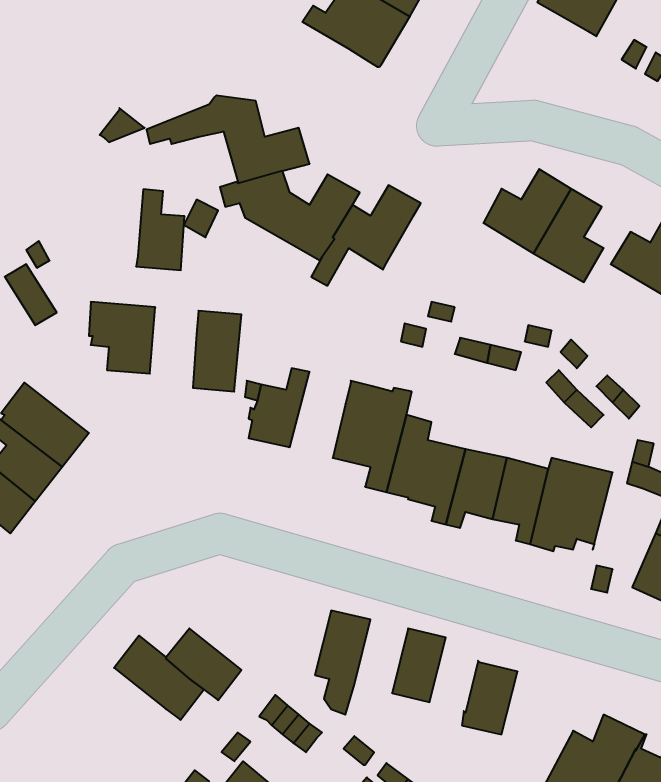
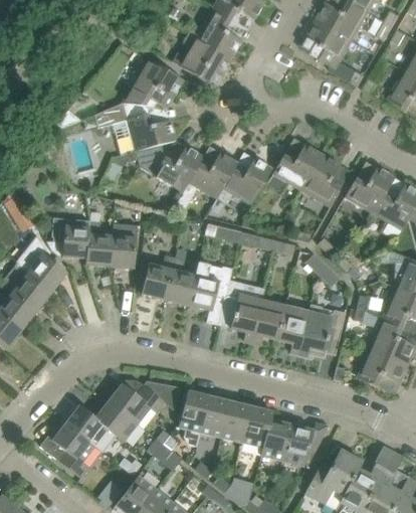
building: none -> [123,58,184,109]
building: [136,189,185,270] -> [85,220,113,266]
building: none -> [212,157,272,212]
building: none -> [16,235,67,291]
building: none -> [165,256,196,305]
building: none -> [109,378,181,423]
building: none -> [201,395,231,437]
building: none -> [241,405,273,455]
building: none -> [283,421,329,466]
building: none -> [40,422,95,477]

